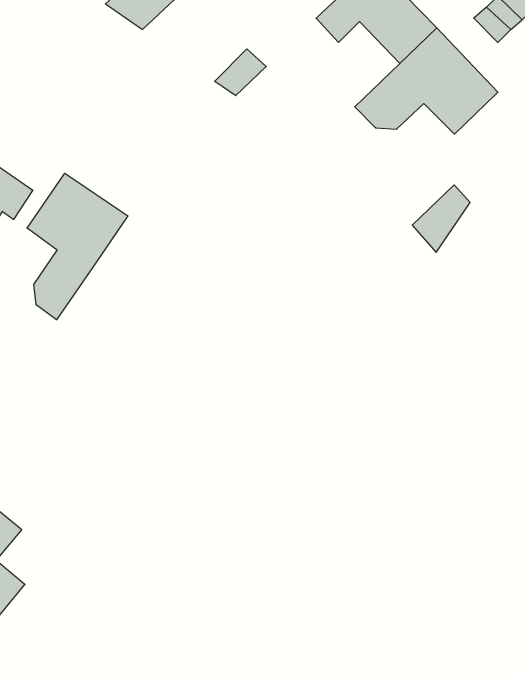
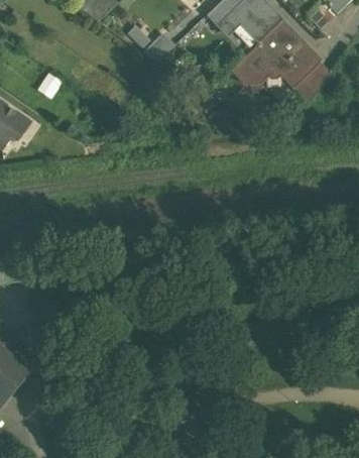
building: [27,173,128,320] -> none
building: [412,185,470,252] -> [294,61,331,103]

